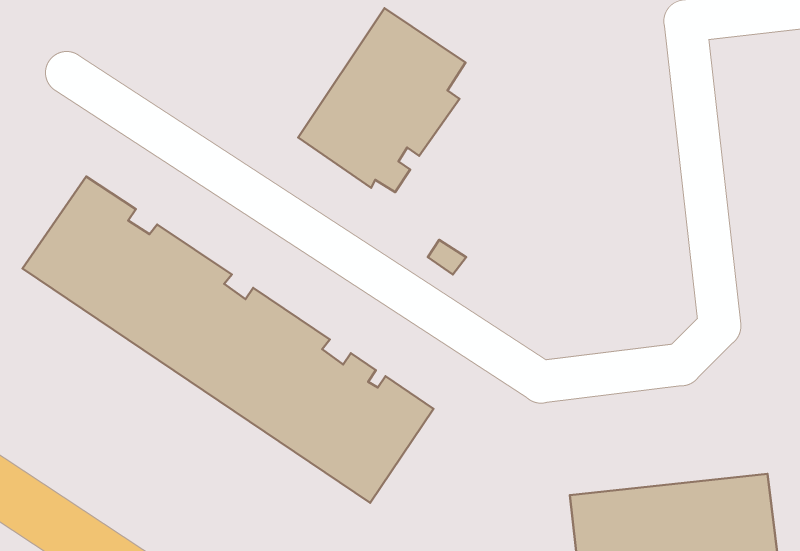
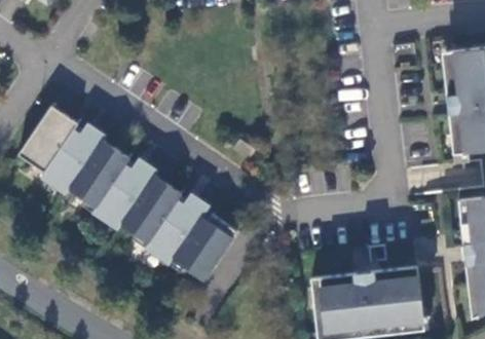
building: [298,8,465,192] -> none

